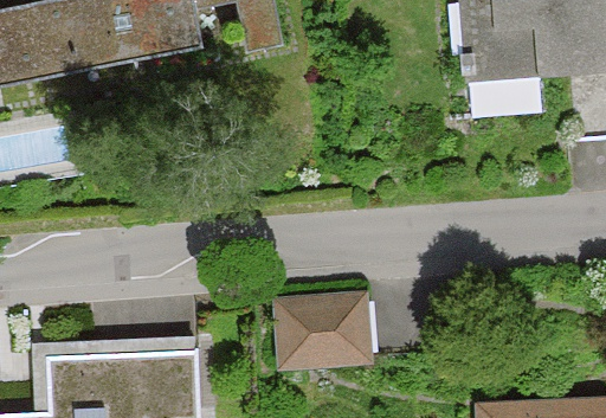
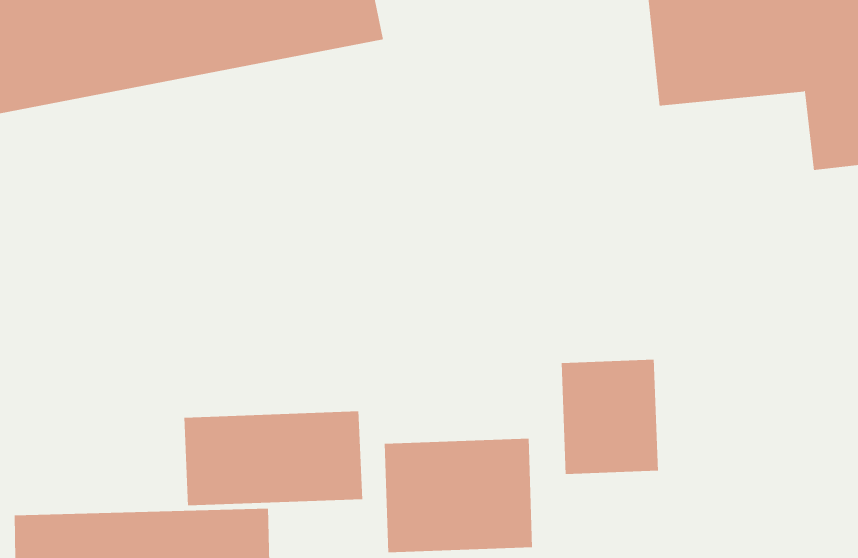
building: none -> [561,359,658,475]
building: none -> [184,411,363,506]

